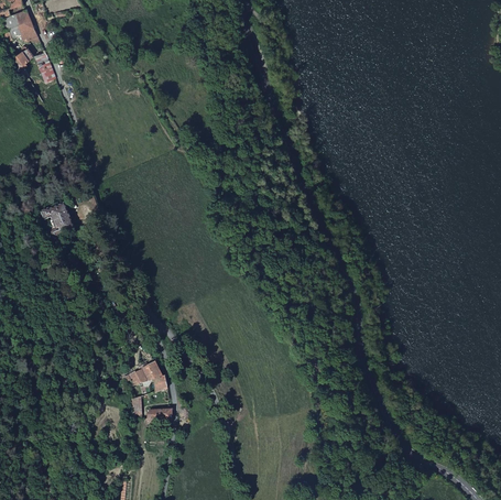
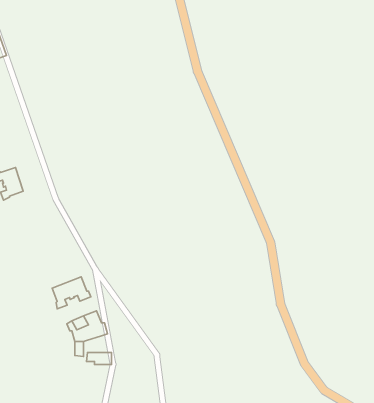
building: none -> [52,277,91,309]

